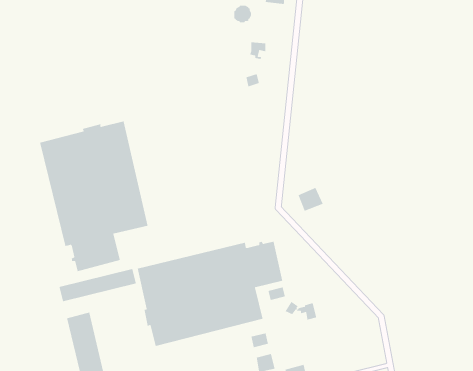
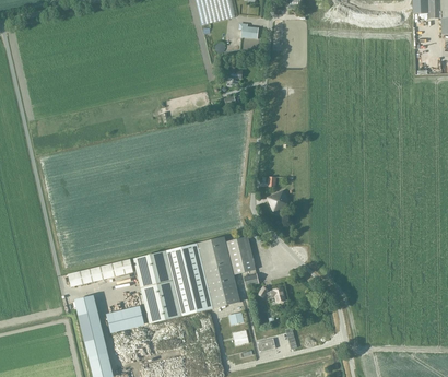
building: [39,121,149,272] -> none
building: none -> [106,305,144,333]

